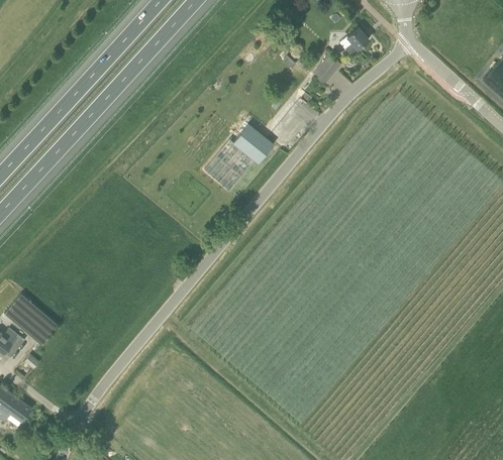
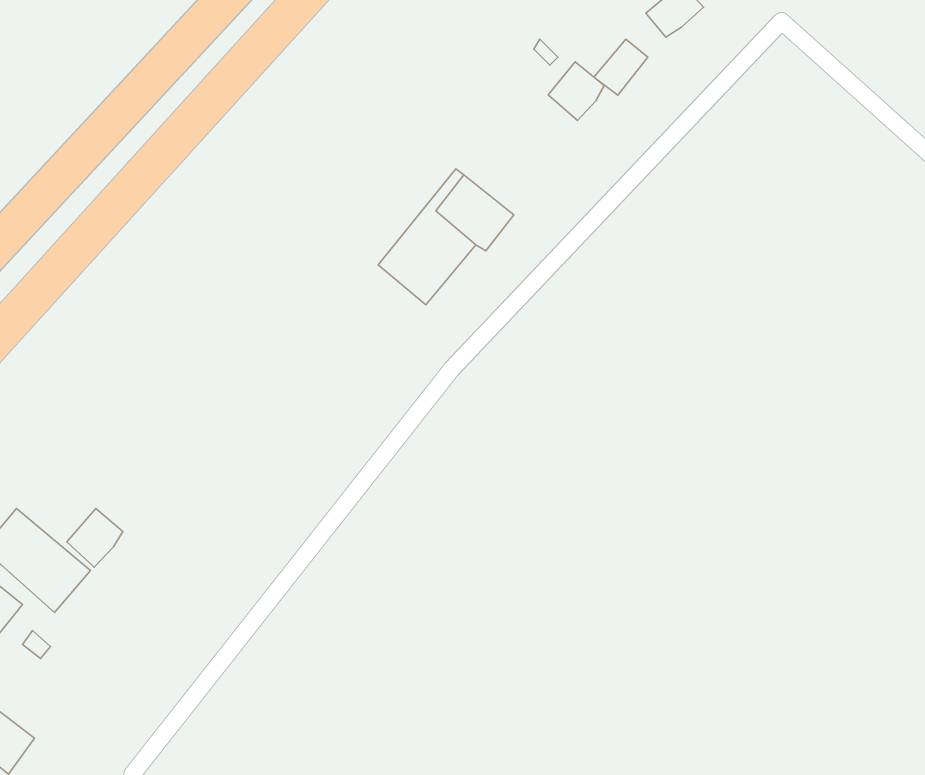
building: none -> [548,62,604,121]
building: none -> [67,508,123,567]

